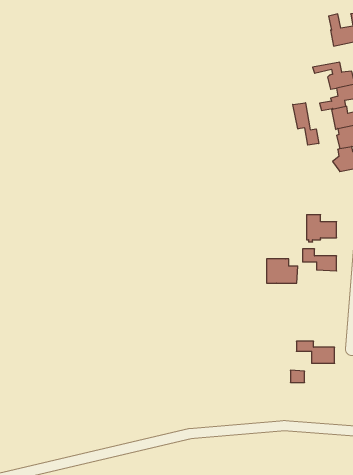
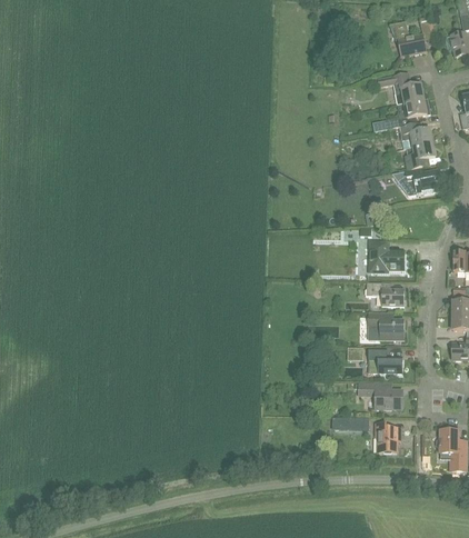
building: [293,103,319,145] -> none
building: [267,259,298,283] -> [370,311,405,338]
building: none -> [370,347,403,372]
building: none -> [377,422,400,451]

